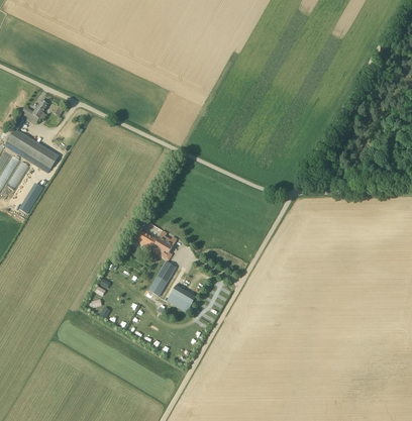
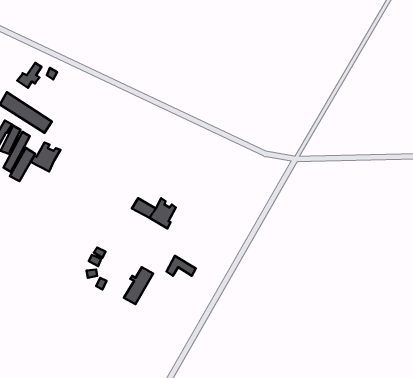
building: none -> [31,142,61,171]
building: [148,260,177,296] -> [124,267,153,304]

